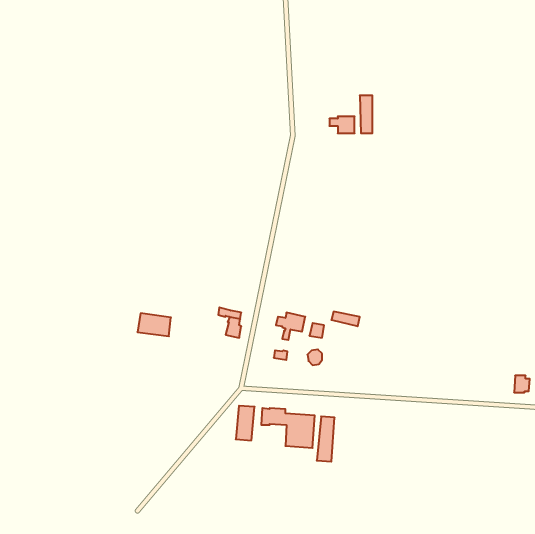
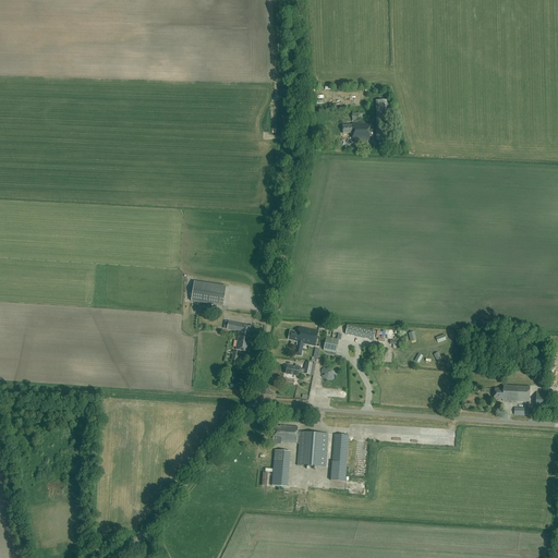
building: [137,313,171,336] -> [190,280,225,304]
building: none -> [494,384,529,400]
building: [236,406,255,440] -> [270,449,290,485]

